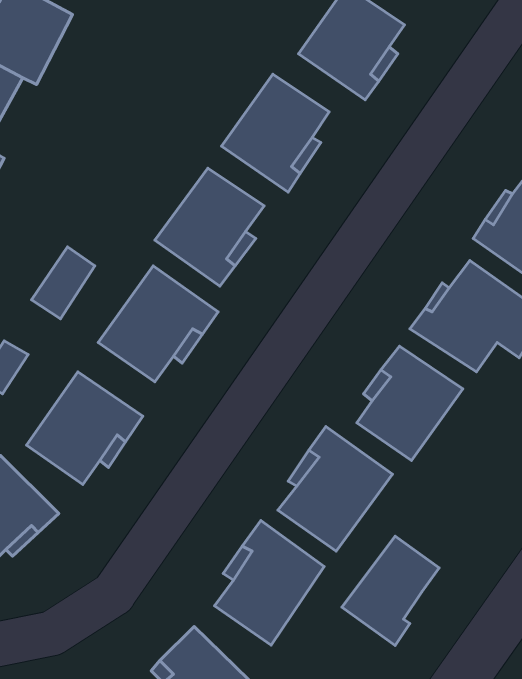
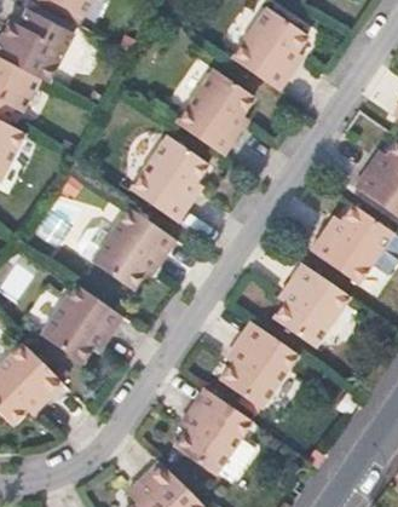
building: [342,536,439,645] -> none

